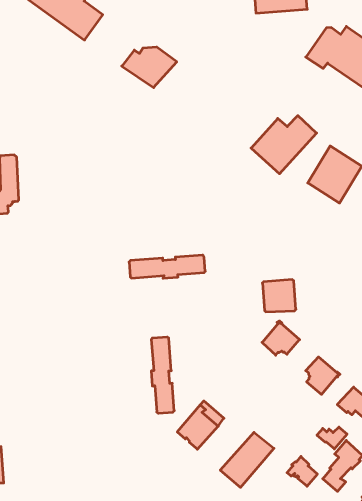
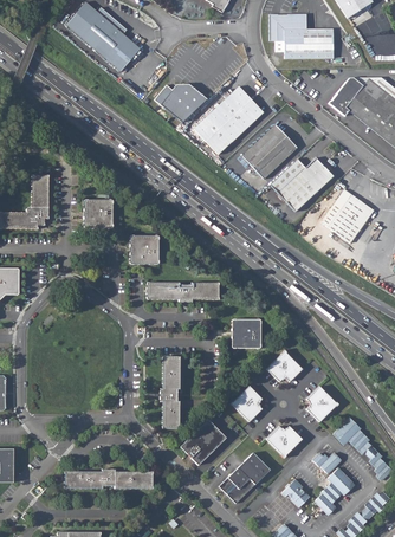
building: none -> [194,85,264,154]
building: none -> [244,124,298,179]
building: none -> [84,199,114,227]
building: none -> [130,234,160,264]
building: [262,280,296,312] -> [232,318,261,348]
building: none -> [231,386,263,421]
building: none -> [266,426,302,458]
building: none -> [65,468,154,487]

